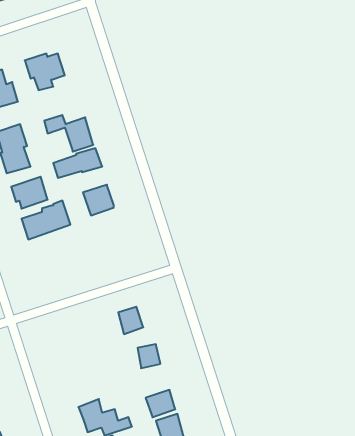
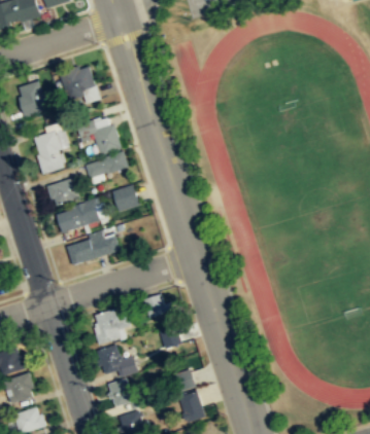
building: none -> [66,238,119,263]
building: none -> [93,305,130,345]
building: none -> [96,345,137,376]

